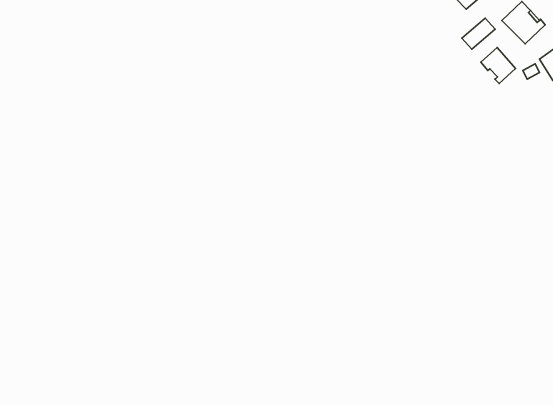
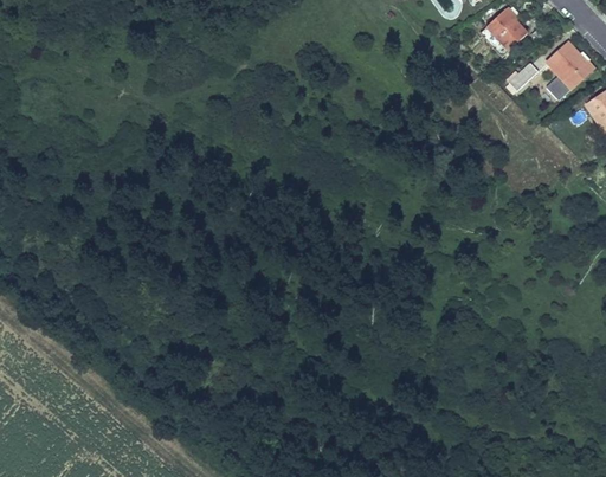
building: [481,47,515,83] -> none

